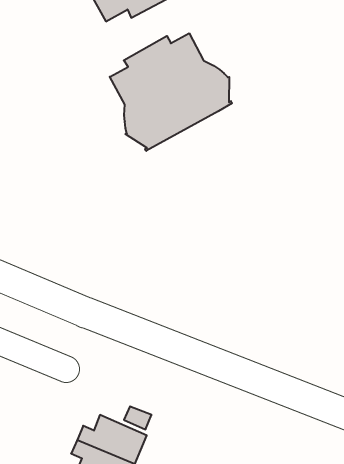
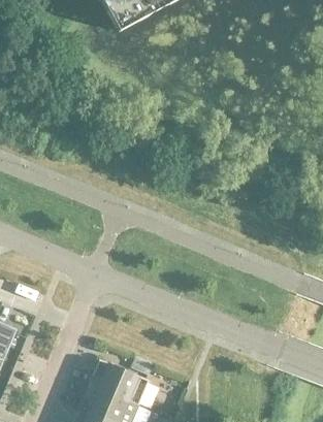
building: [110,33,232,151] -> none

